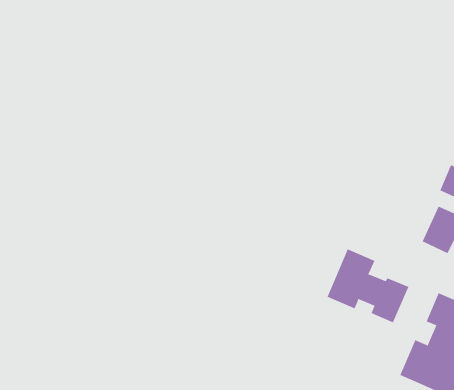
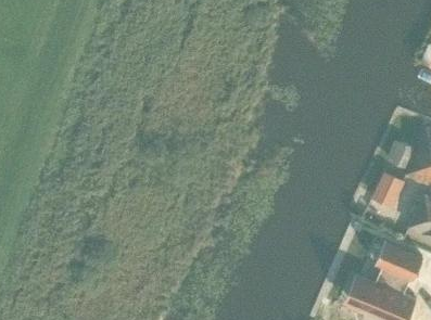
building: [327,249,409,323] -> none

